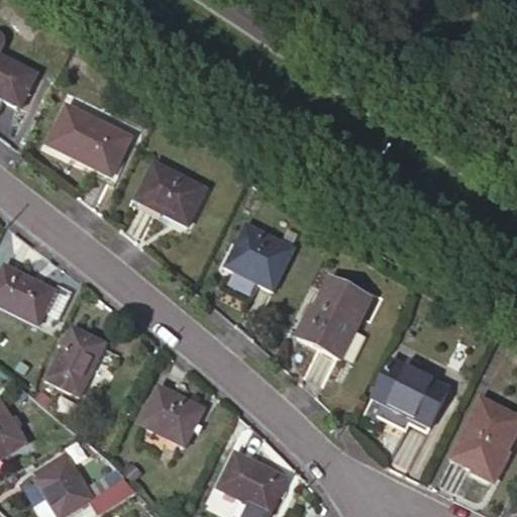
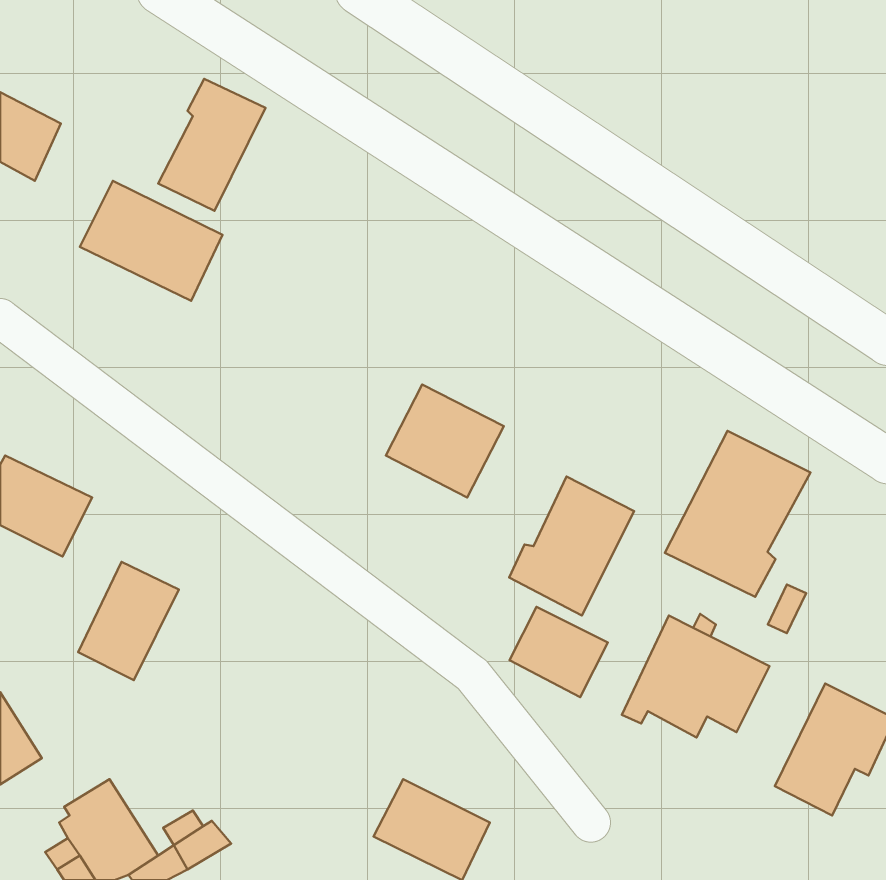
building: none -> [158,79,266,211]
building: [135,162,205,225] -> none
building: none -> [665,431,810,597]
building: none -> [510,607,608,697]
building: [139,385,204,445] -> none

